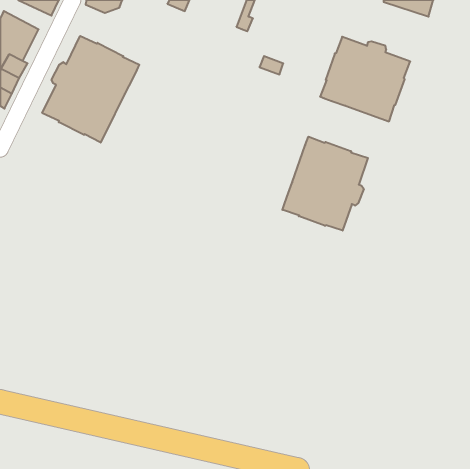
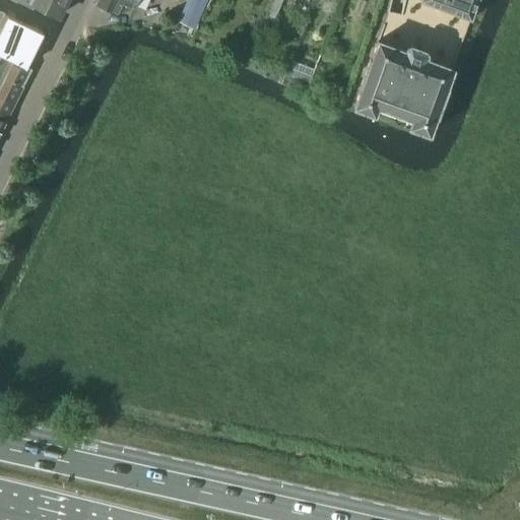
building: [42,36,139,143] -> none
building: [282,137,368,231] -> none

